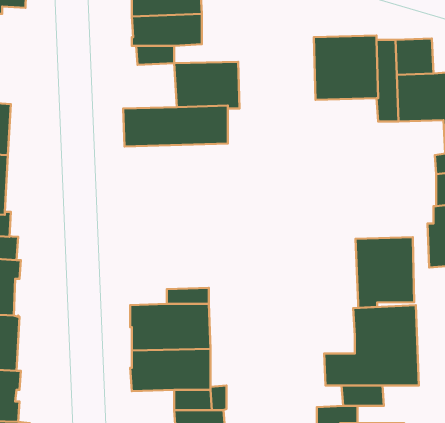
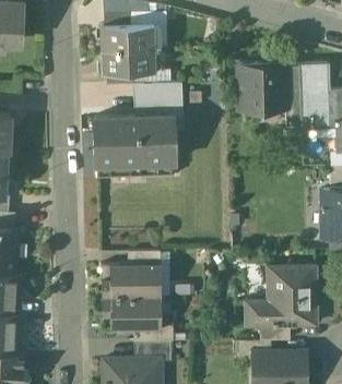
building: none -> [96,143,174,176]
building: [356,237,414,308] -> none

